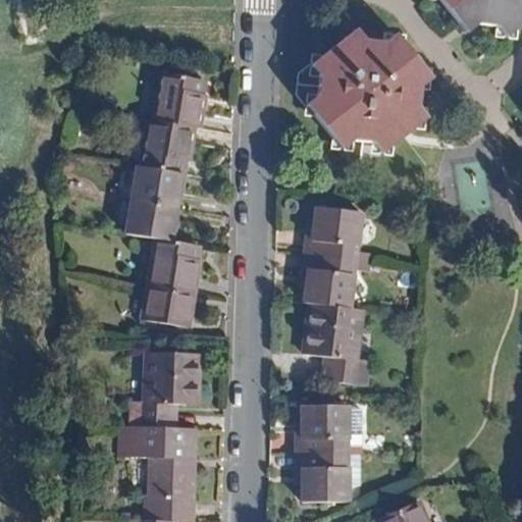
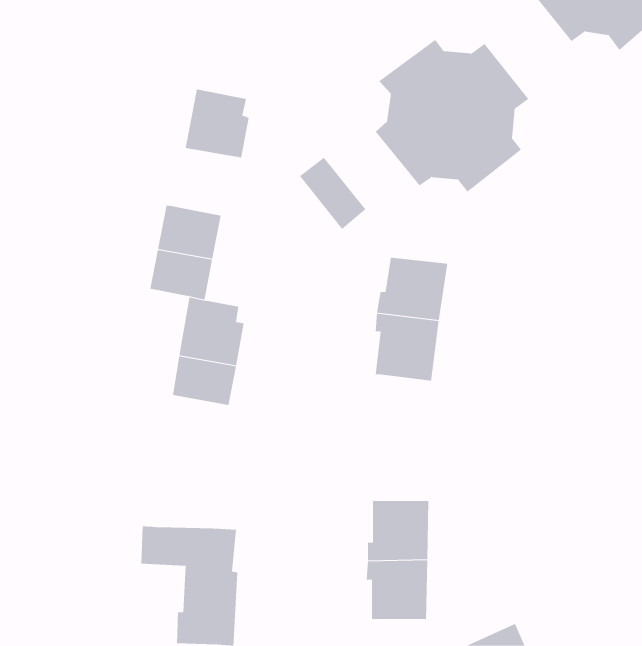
building: [140,118,195,173] -> none
building: none -> [299,157,366,230]
building: [305,302,370,382] -> none
building: [130,349,201,425] -> none

